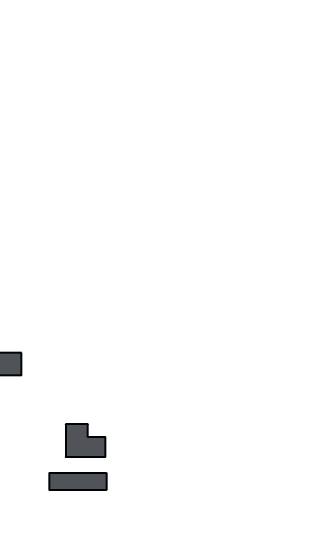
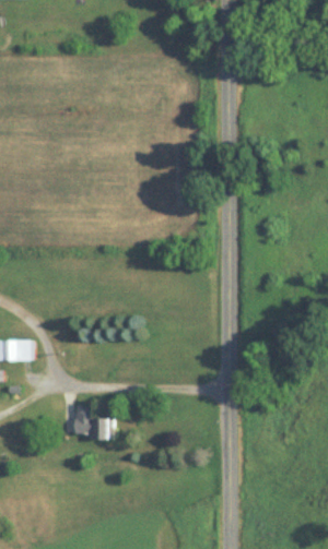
building: [49,473,106,490] -> none

